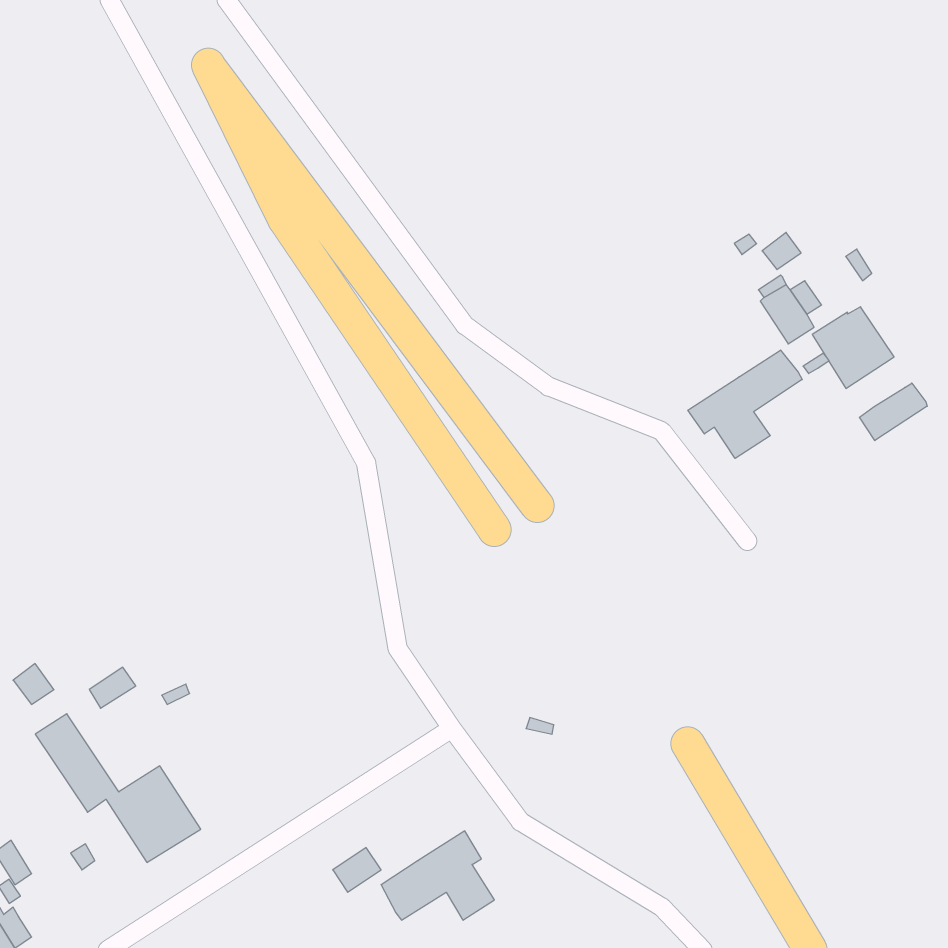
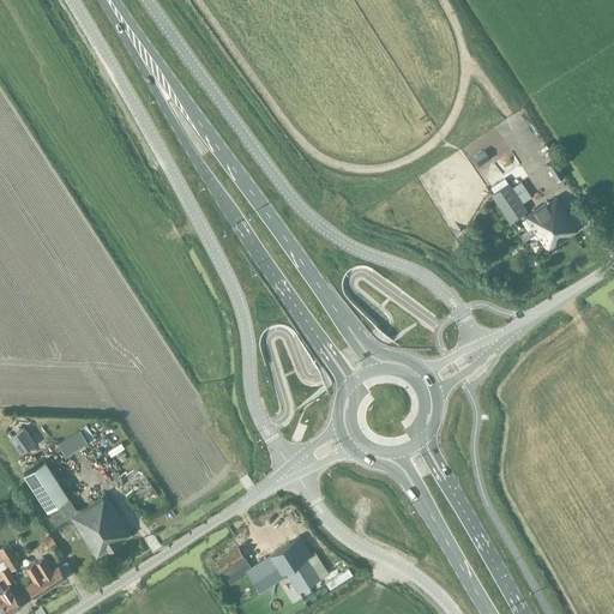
building: [688,350,802,458] -> none
building: [859,383,927,441] -> none
building: none -> [25,558,65,598]

